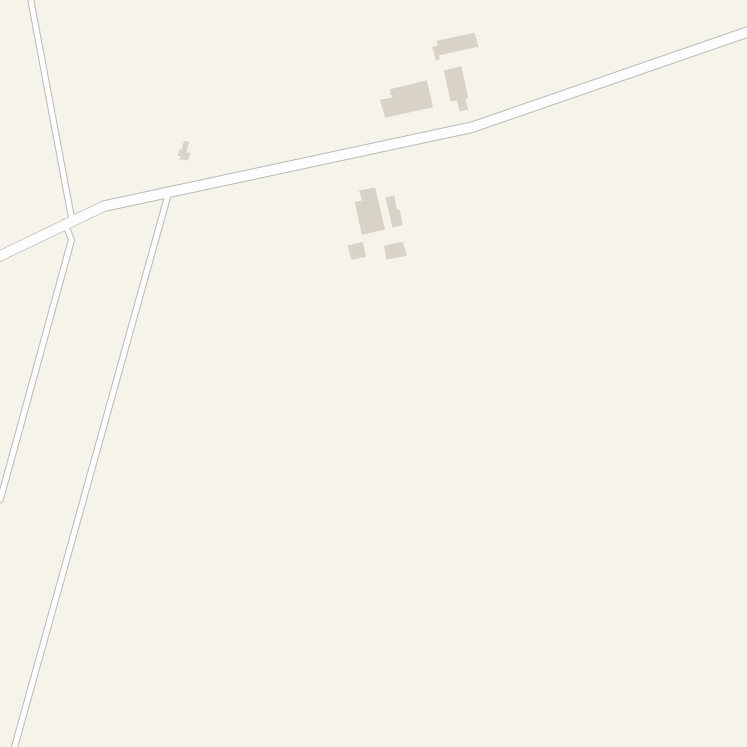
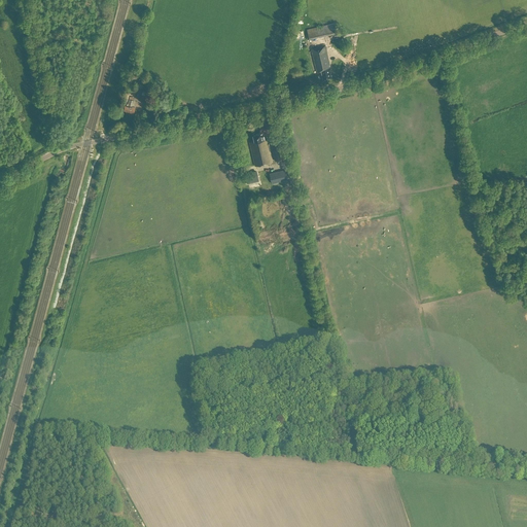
building: [379,79,434,119] -> none

